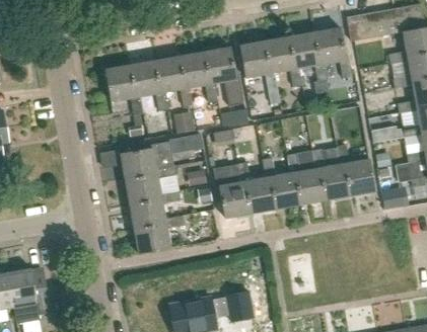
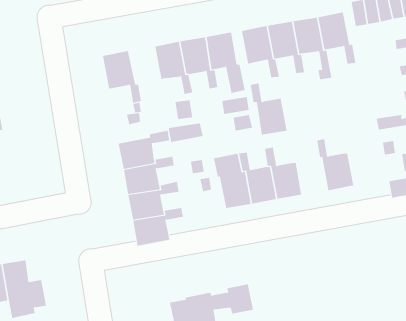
building: [130,61,167,111] -> none
building: [337,146,373,195] -> none
building: [287,154,324,204] -> [250,83,287,135]

